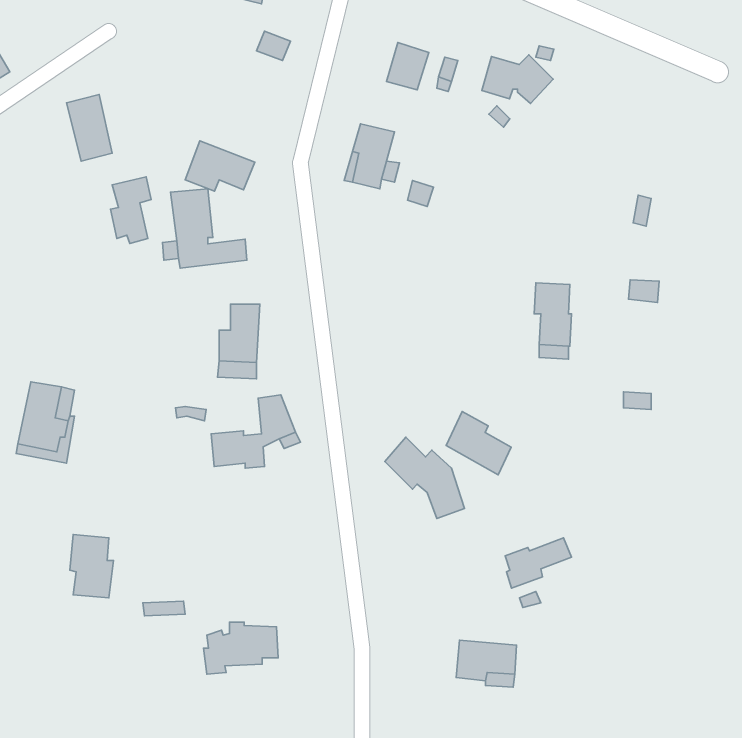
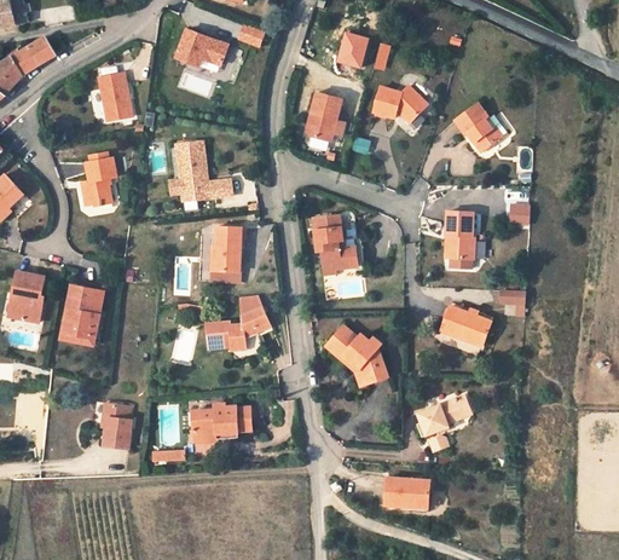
building: [482,55,553,104] -> [371,86,424,122]
building: none -> [453,104,505,151]
building: [185,141,255,191] -> [174,29,226,67]
building: [110,177,151,243] -> [85,157,115,207]
building: none -> [316,213,359,269]
building: [446,411,511,475] -> [447,307,496,354]
building: [204,622,278,674] -> [193,400,249,439]

